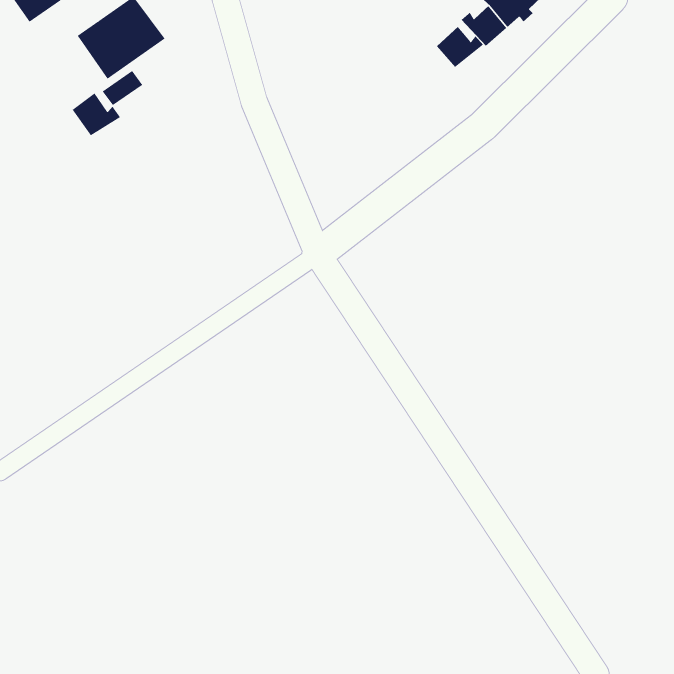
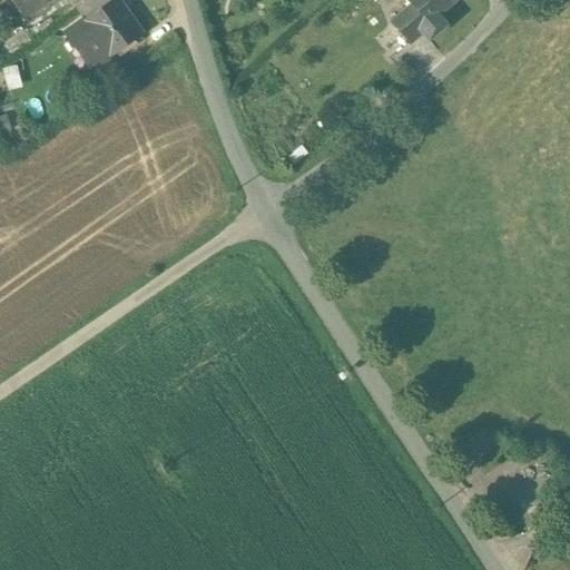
building: [436,26,484,68] -> none
building: [72,92,121,136] -> none

